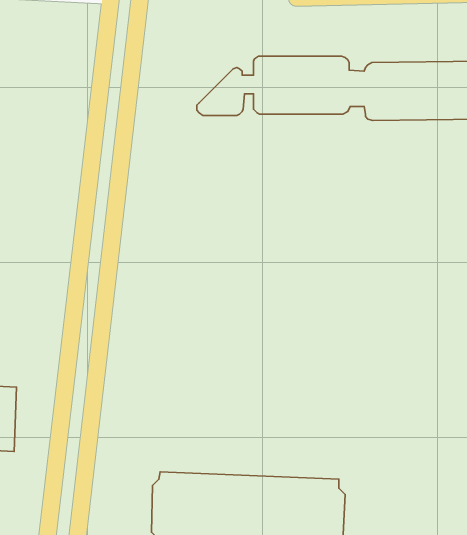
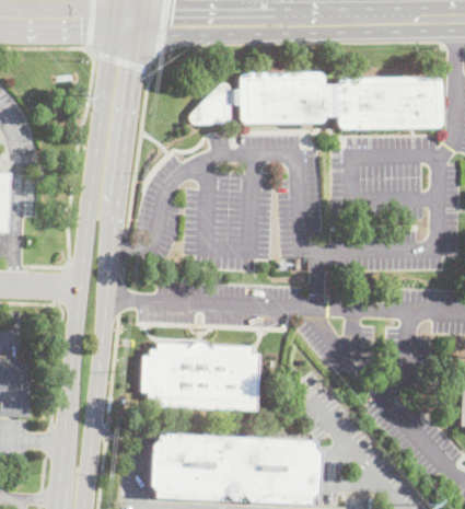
building: none -> [143,342,259,409]

